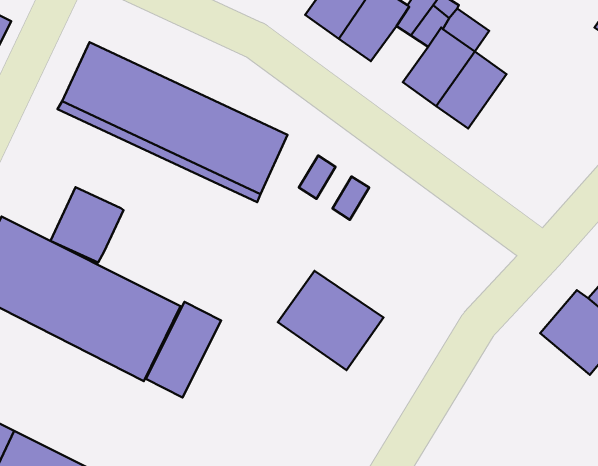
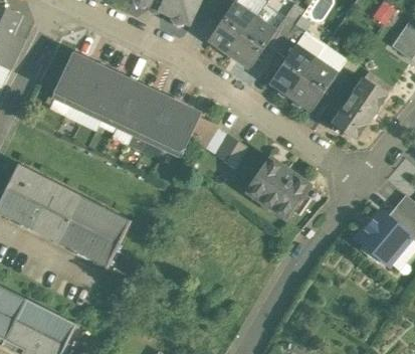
building: none -> [333,78,387,139]
building: [50,187,124,263] -> none
building: [278,271,383,370] -> [246,157,313,219]
building: [146,302,221,398] -> none

